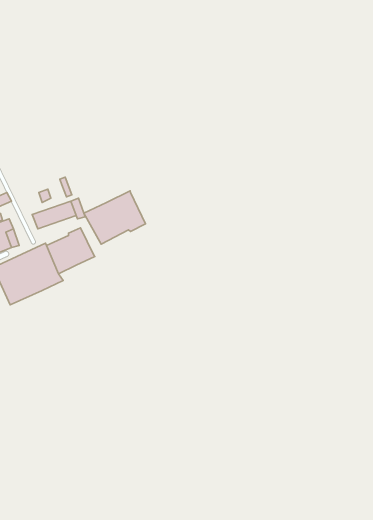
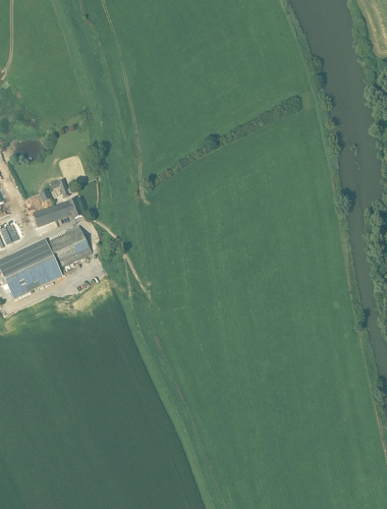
building: [84,191,146,244] -> none

